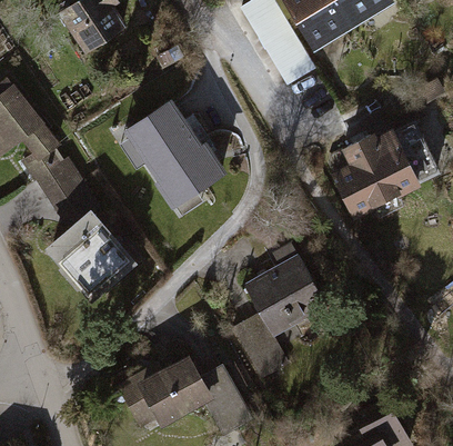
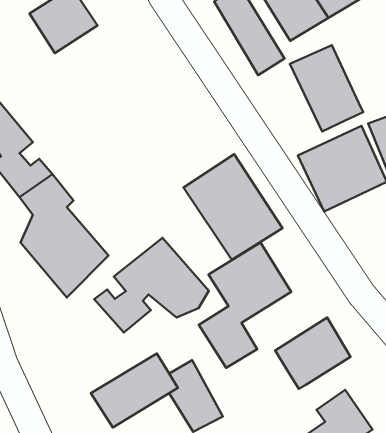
building: none -> [290,45,363,131]
building: [123,101,223,208] -> [184,154,282,260]
building: none -> [94,238,209,332]
building: none -> [275,318,351,389]

